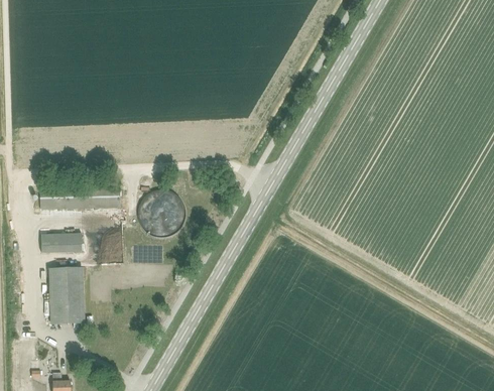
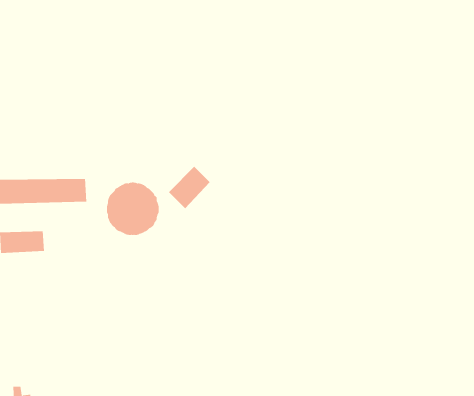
building: none -> [168,166,210,209]
building: [48,268,84,322] -> none

